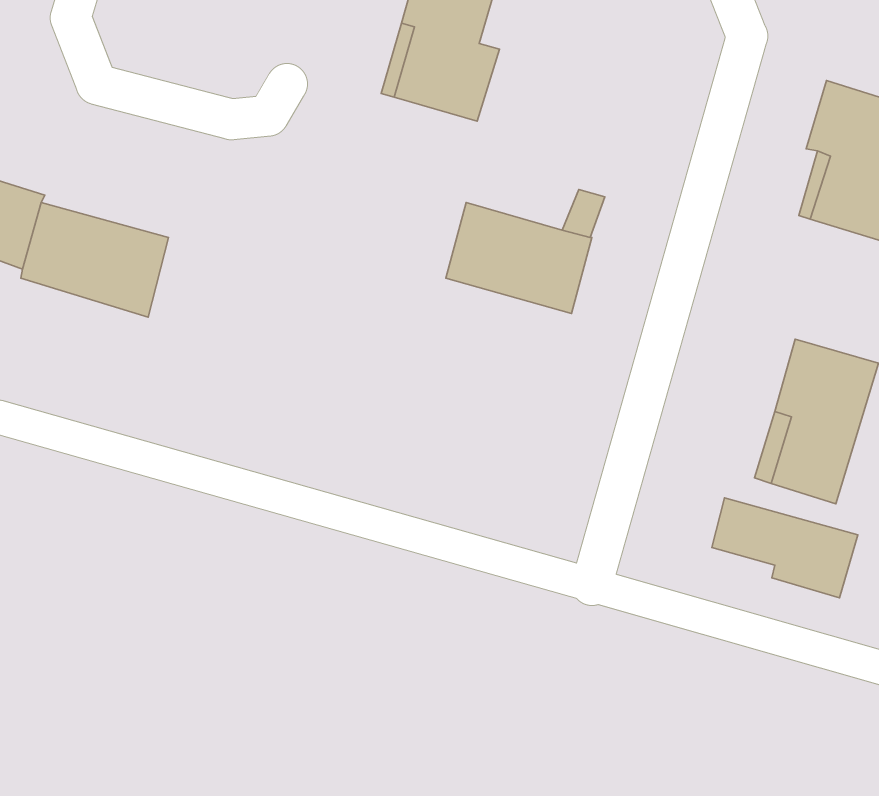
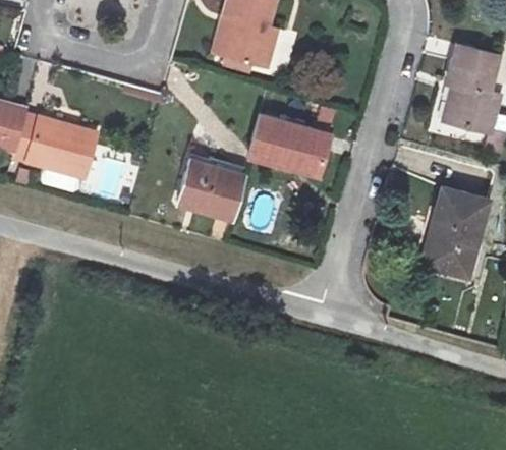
building: none -> [176,158,243,218]
building: [712,498,858,598] -> none

